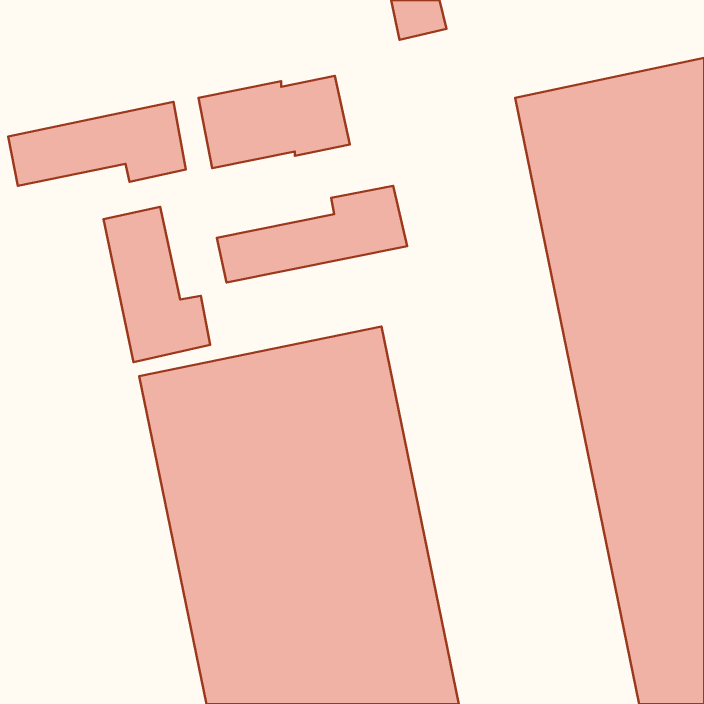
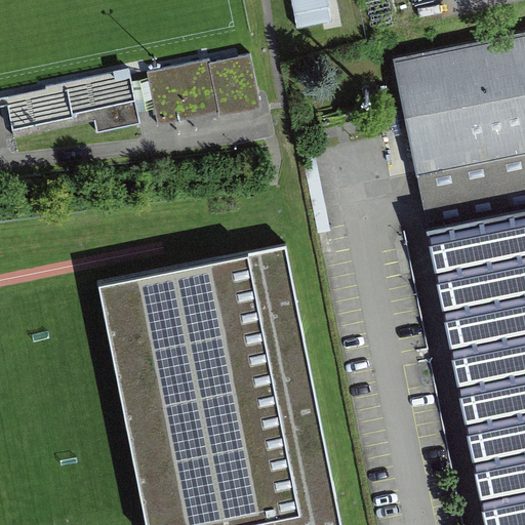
building: [217,186,407,282] -> none
building: [104,207,210,362] -> none

